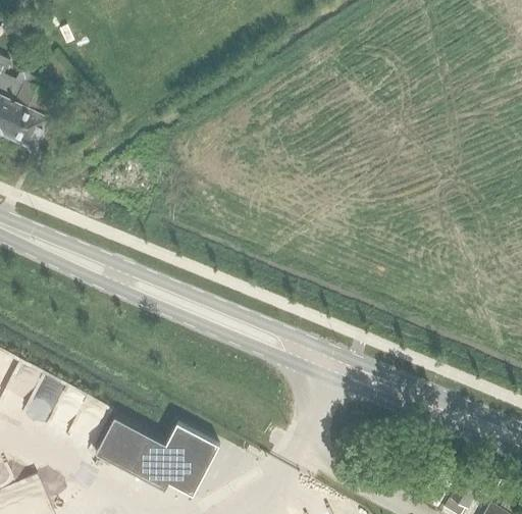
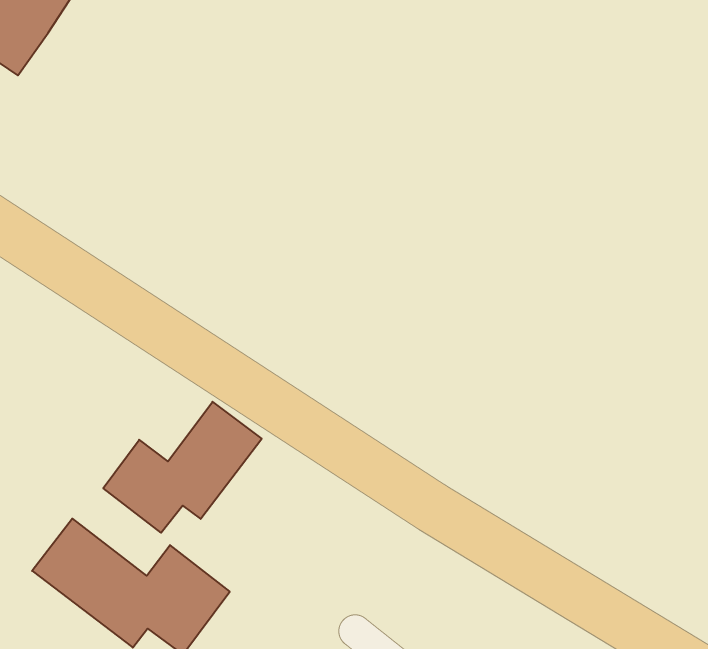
building: none -> [103,402,262,533]

